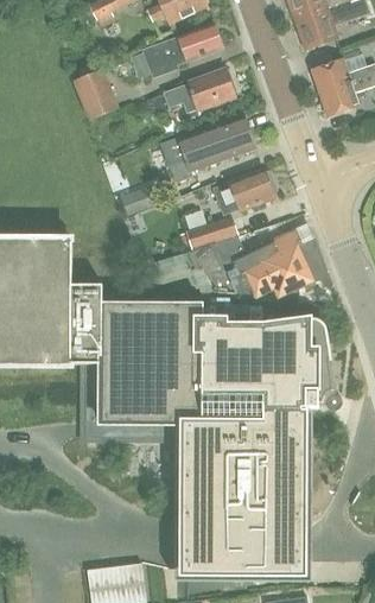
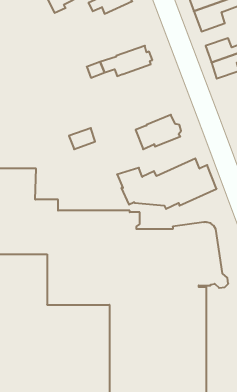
building: [142,21,223,75] -> none
building: [74,66,119,118] -> none
building: [160,112,255,180] -> none
building: [185,214,237,247] -> none

